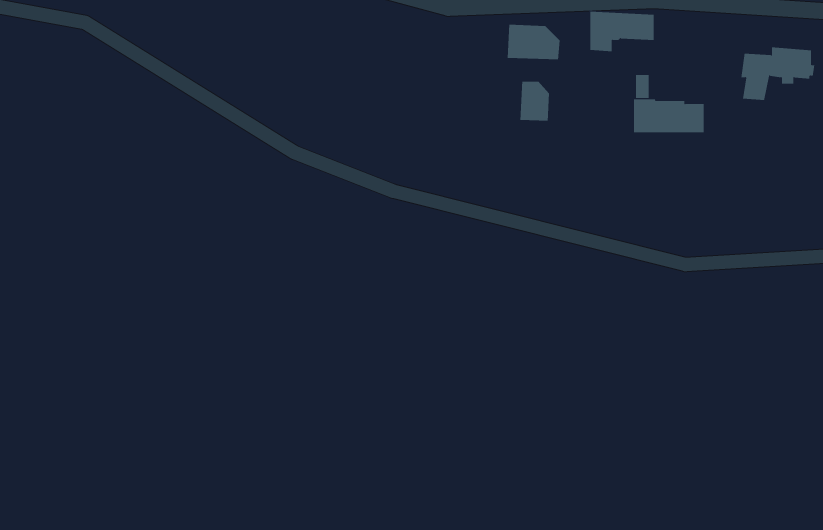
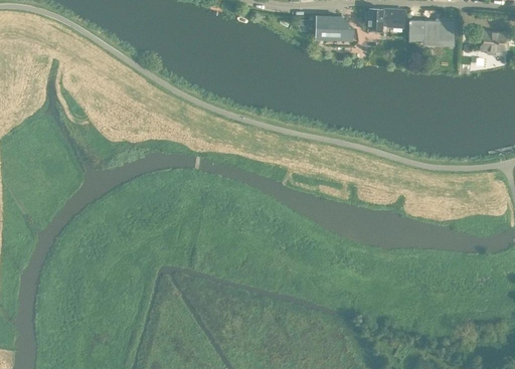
building: [520,81,550,122] -> none
building: [633,99,705,133] -> [408,20,453,41]

